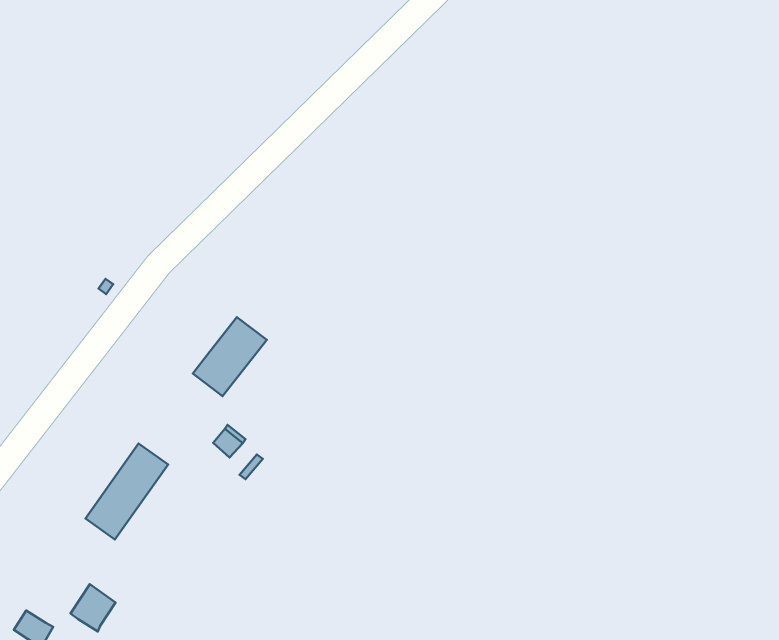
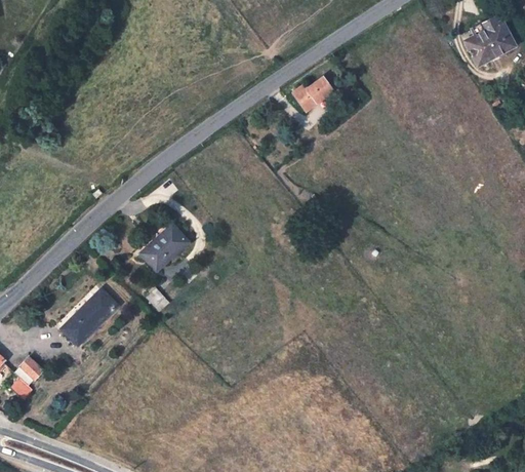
building: none -> [292,77,332,111]
building: [70,584,115,631] -> [14,357,42,386]

